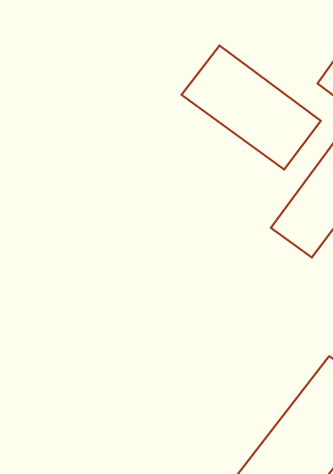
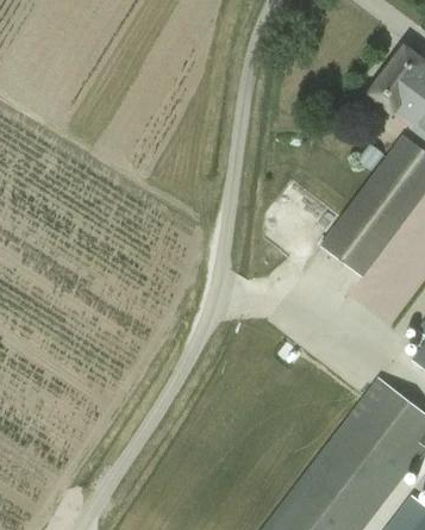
building: [181,45,321,170] -> none

